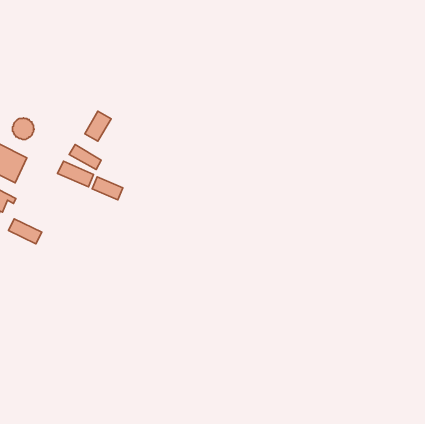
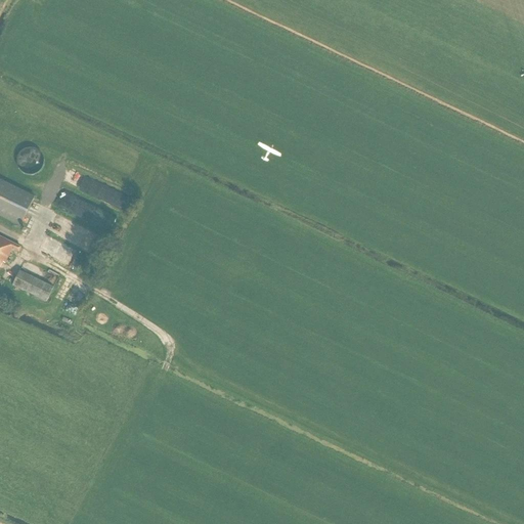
building: [85,111,111,141] -> none
building: [92,177,123,200] -> none

